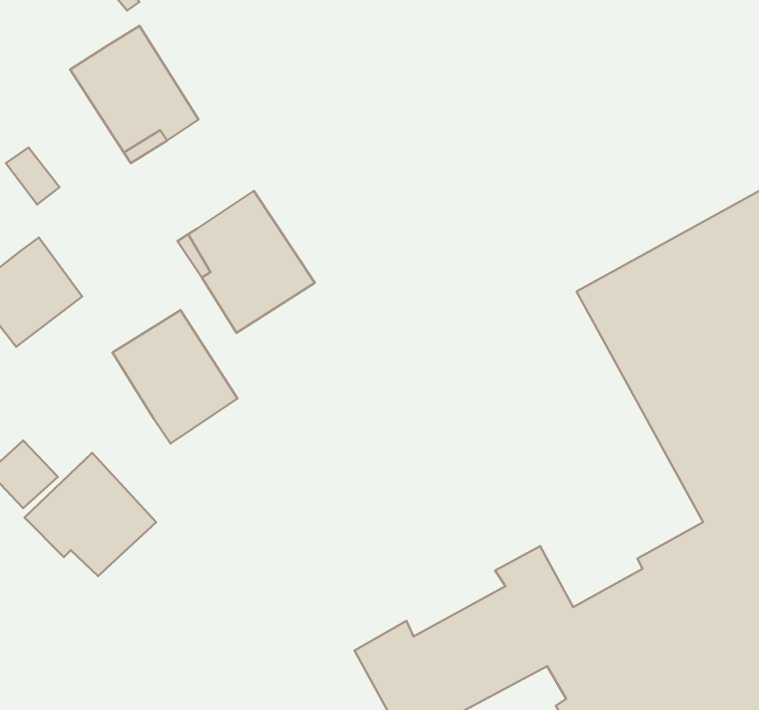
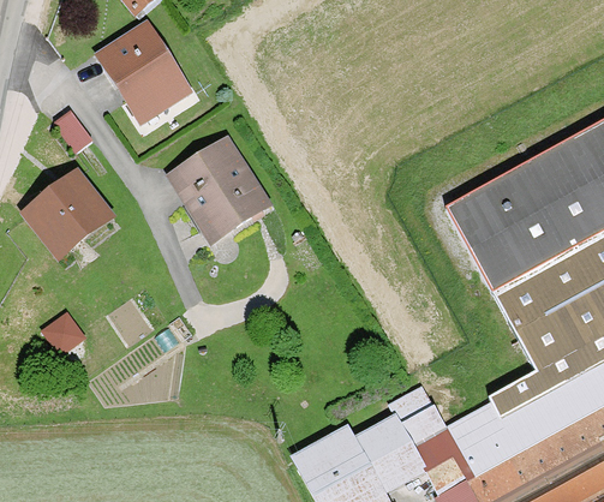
building: [112,310,237,444] -> none
building: [24,453,156,576] -> none

